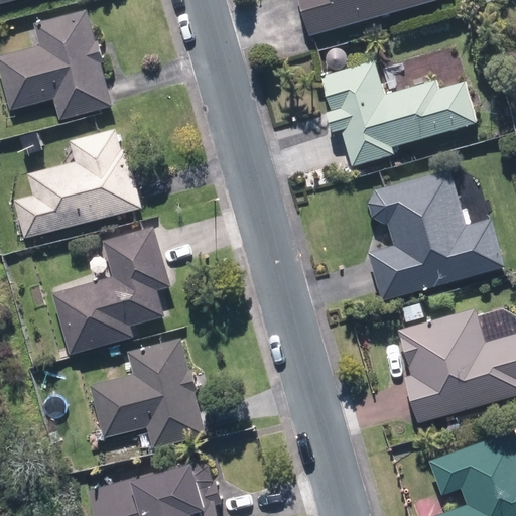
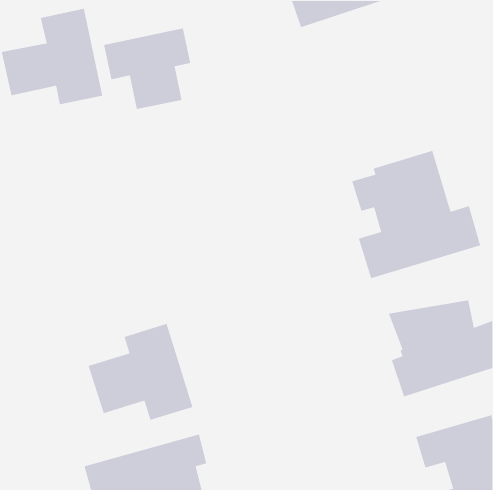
building: none -> [103,28,191,110]
building: [328,50,472,164] -> none
building: [21,128,142,239] -> none
building: [54,233,179,352] -> none

